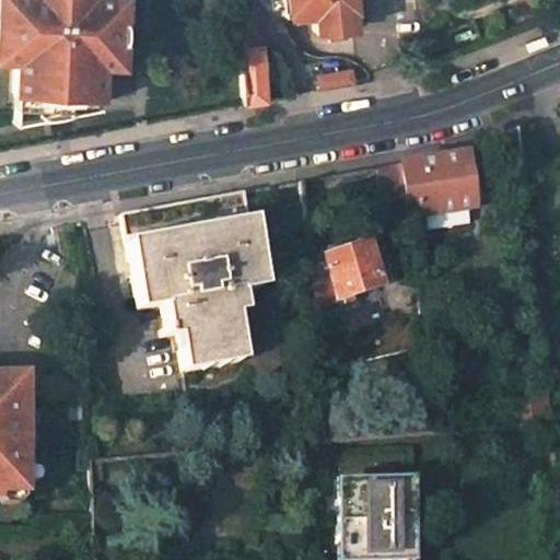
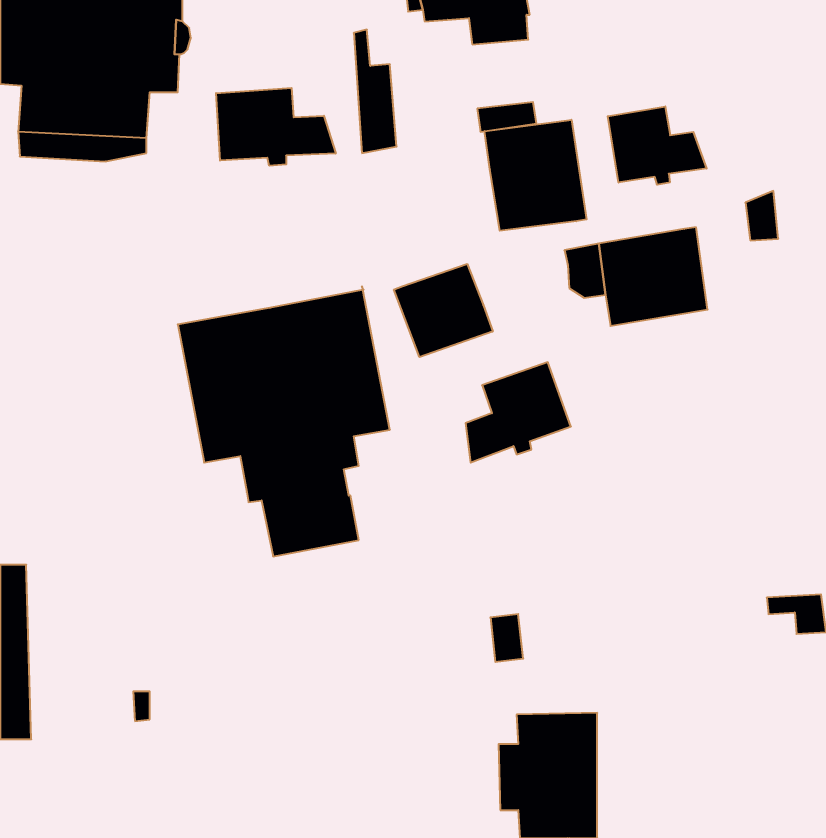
building: none -> [216,88,336,166]
building: none -> [608,106,707,185]
building: none -> [485,120,587,231]
building: none -> [394,264,493,357]

